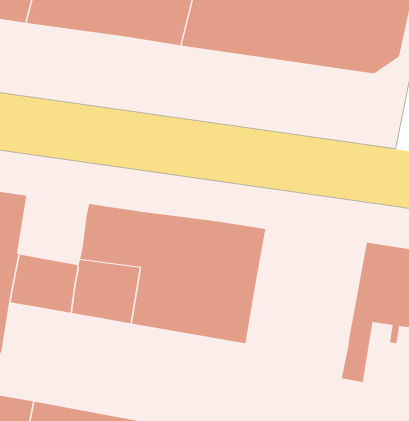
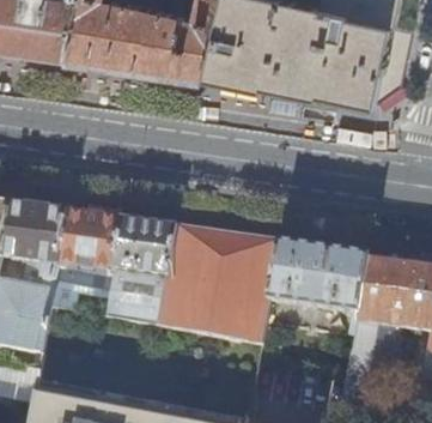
building: none -> [55,212,118,274]
building: none -> [267,242,367,338]

